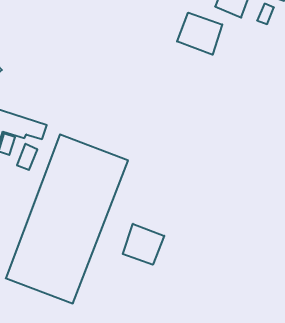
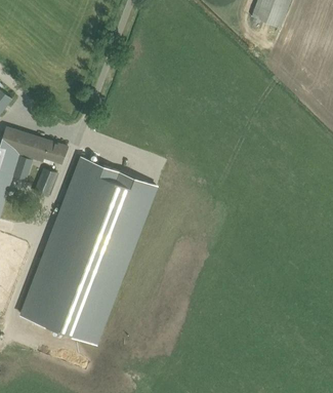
building: [177,13,222,55] -> none
building: [123,224,164,265] -> none

